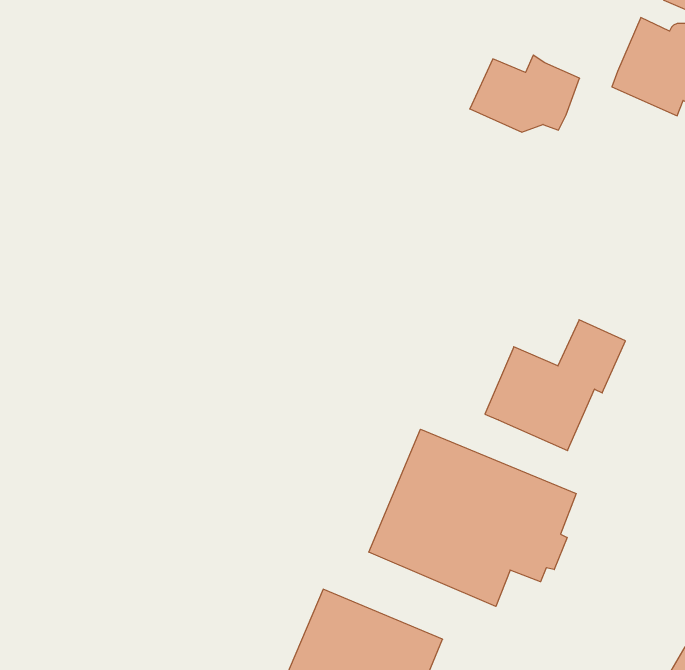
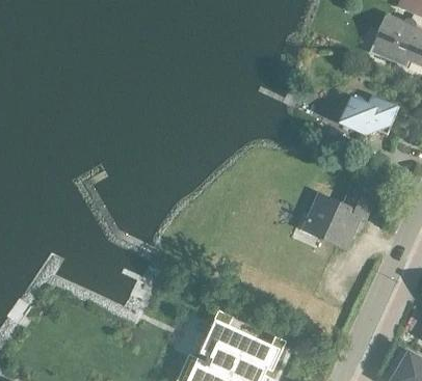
building: [470,55,580,132] -> [339,94,398,136]
building: [369,429,576,606] -> none

